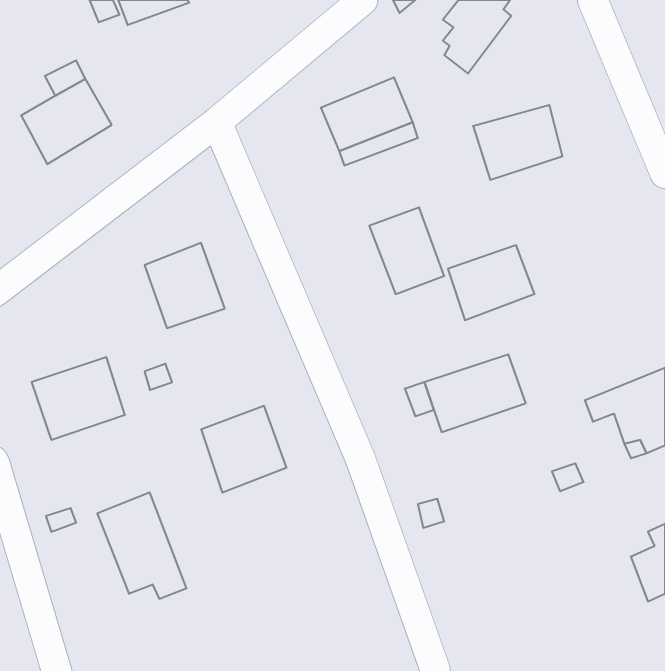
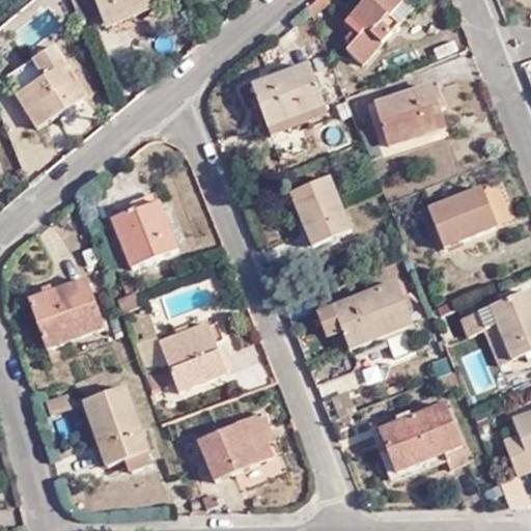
building: [448,245,535,320] -> [428,186,497,245]
building: none -> [376,399,467,470]
building: none -> [201,411,276,481]

